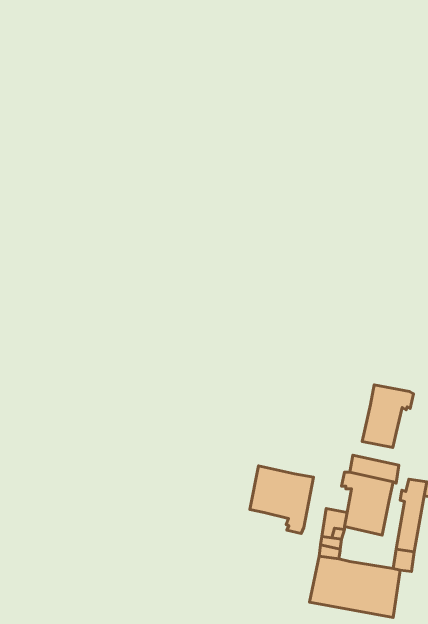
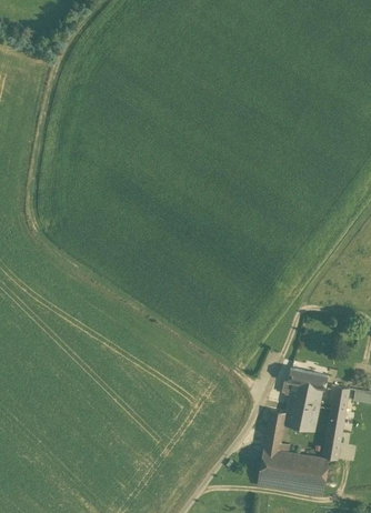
building: [362,385,413,448] -> none
building: [250,466,314,533] -> none

